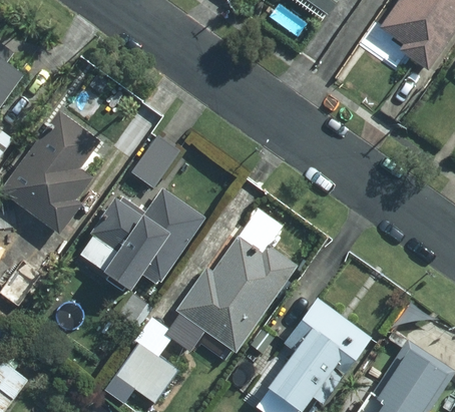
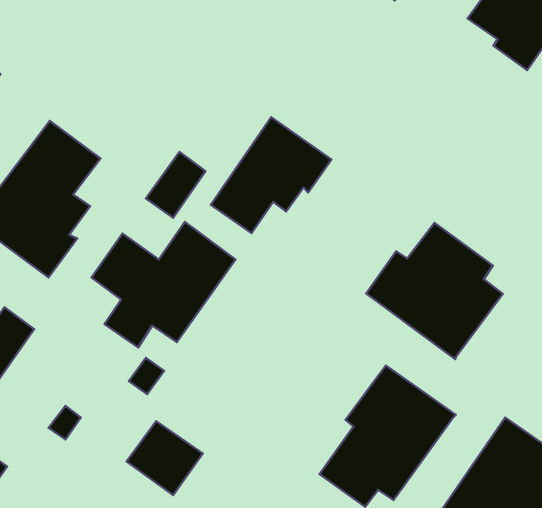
building: none -> [211,117,332,233]
building: none -> [366,223,503,359]
building: [165,238,294,350] -> none

